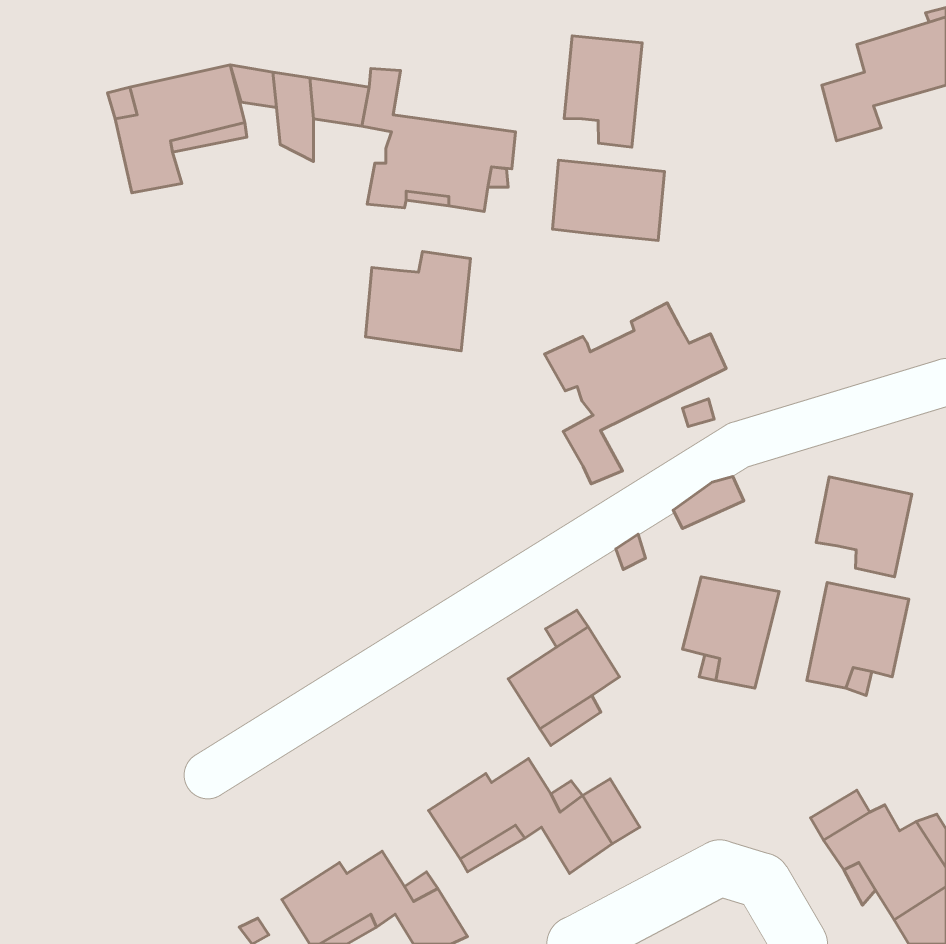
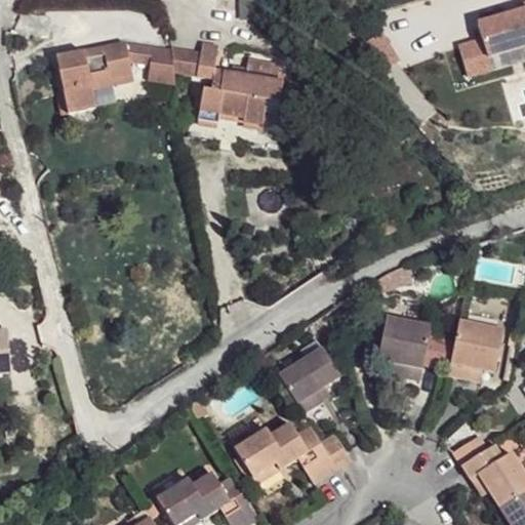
building: [564,36,642,147] -> none
building: [552,160,664,240] -> none
building: [366,252,470,351] -> none
building: [544,303,726,484] -> none
building: [816,477,912,577] -> none

